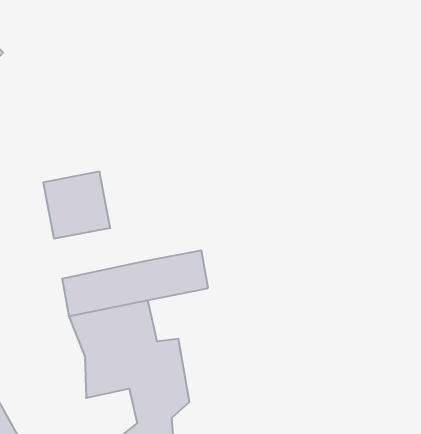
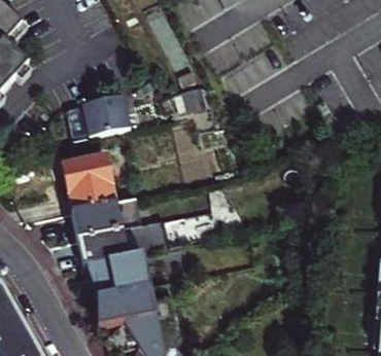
building: none -> [68,93,129,141]
building: none -> [71,192,141,236]

